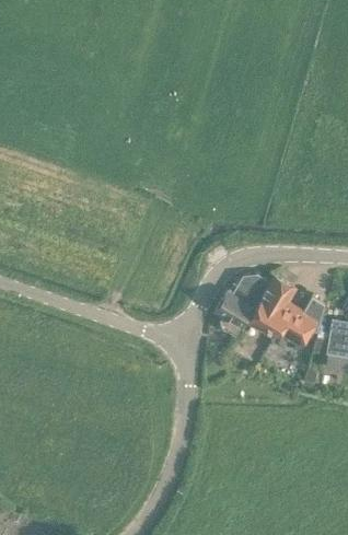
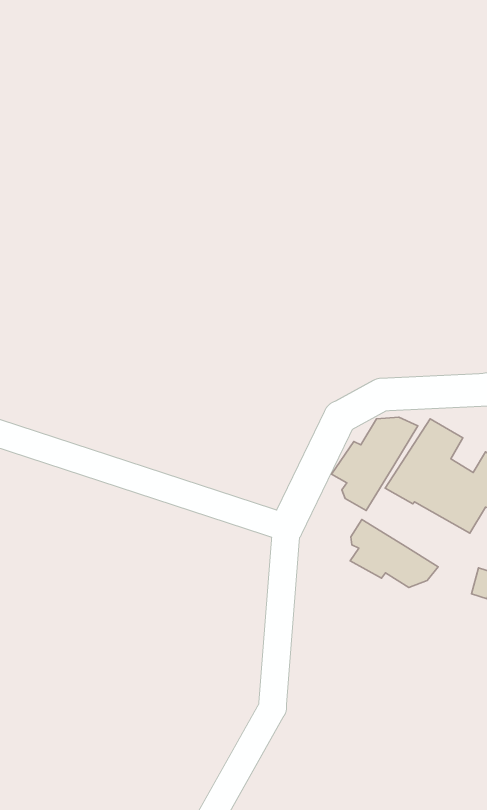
building: none -> [350,520,438,587]

